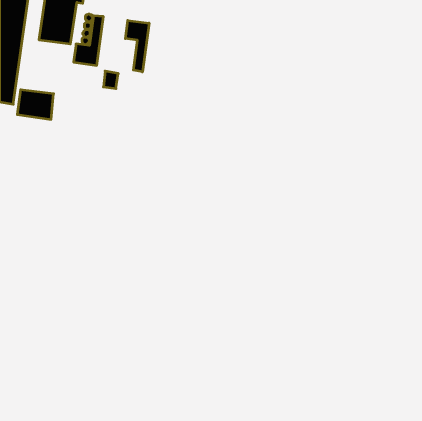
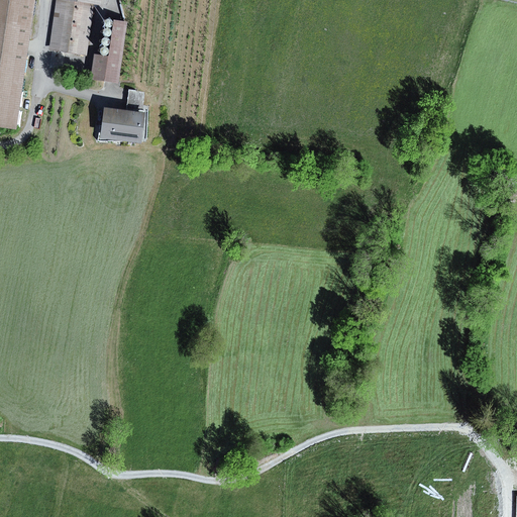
building: [125,20,149,72] -> none
building: [17,90,54,119] -> [100,106,144,142]

